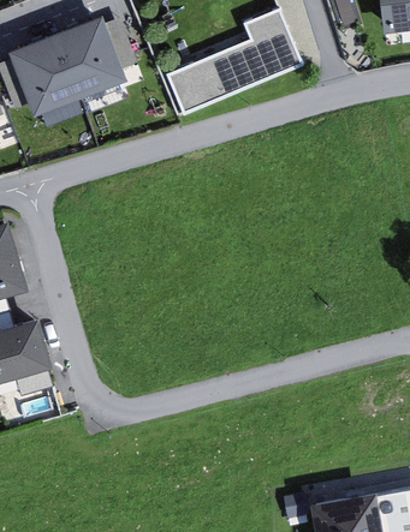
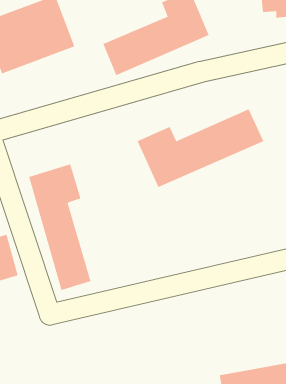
building: none -> [137,109,264,188]
building: none -> [28,164,91,291]

